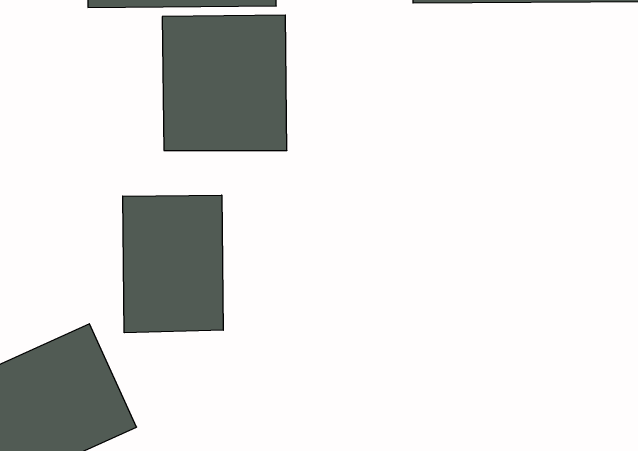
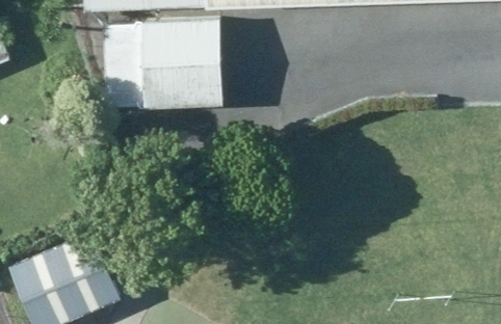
building: [123,195,223,333] -> none

